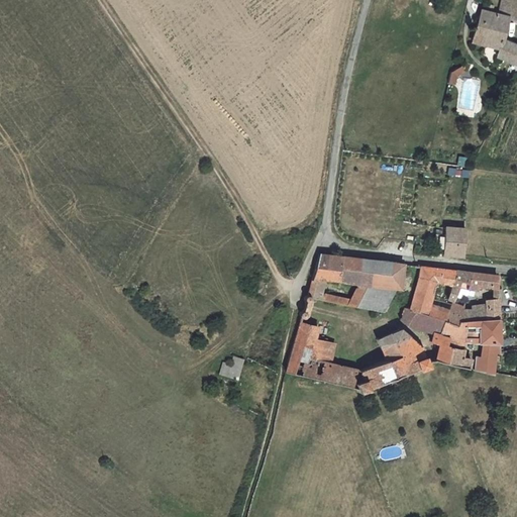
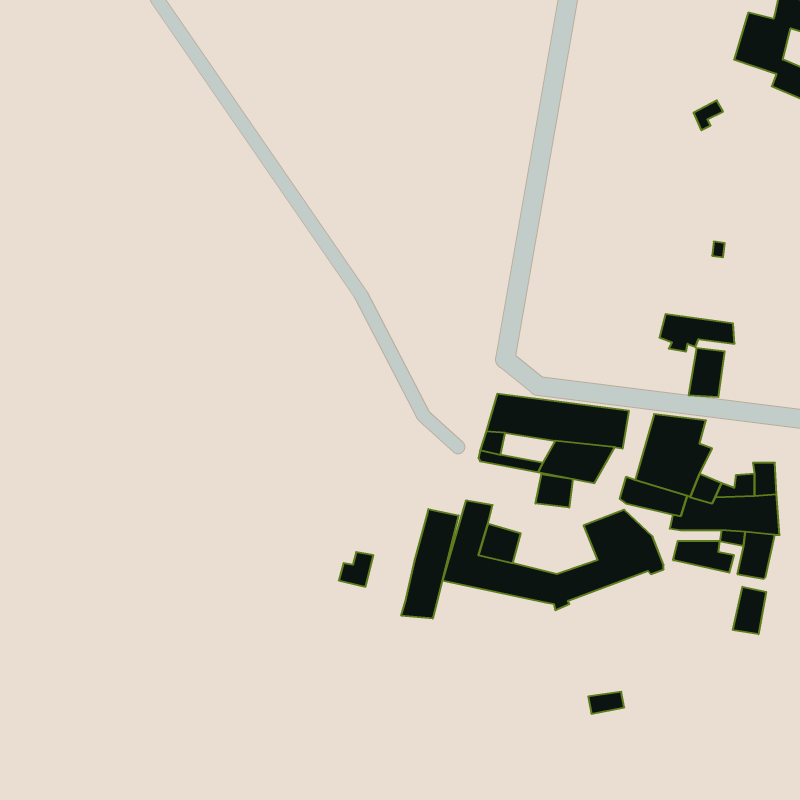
building: [451,271,500,295] -> [659,314,735,352]
building: none -> [536,474,573,508]
building: none -> [401,509,459,619]
building: none -> [733,587,766,634]

